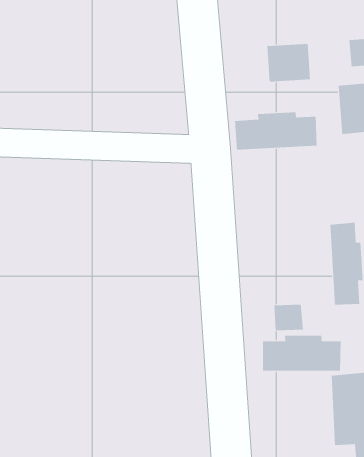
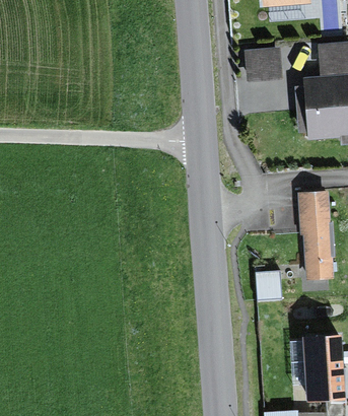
building: [235,112,317,150] -> none
building: [262,335,341,371] -> none

